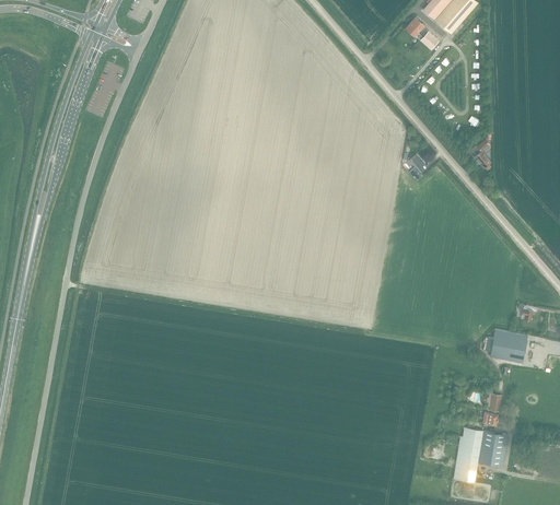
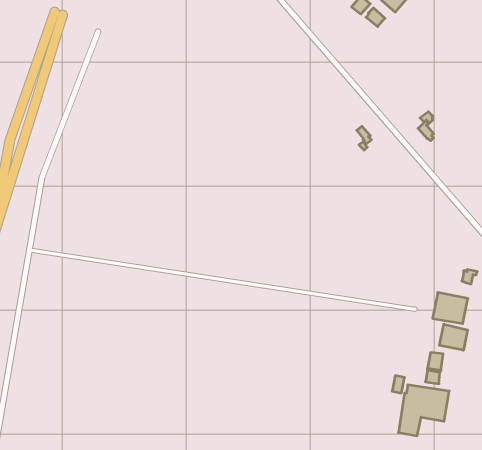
building: none -> [439,324,468,350]

